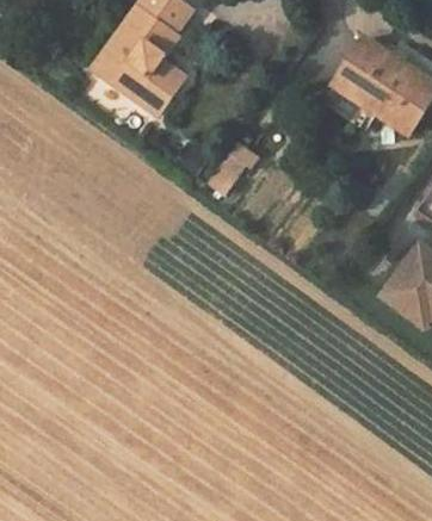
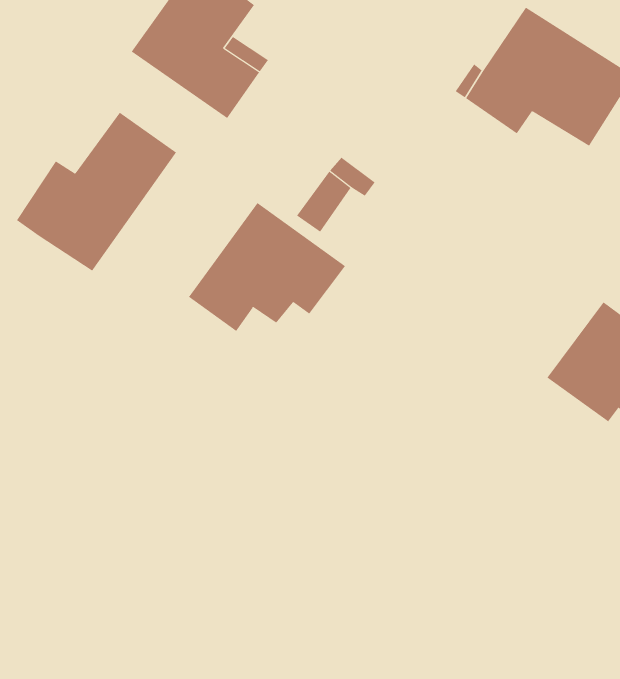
building: none -> [16,112,177,272]
building: none -> [188,202,346,332]

